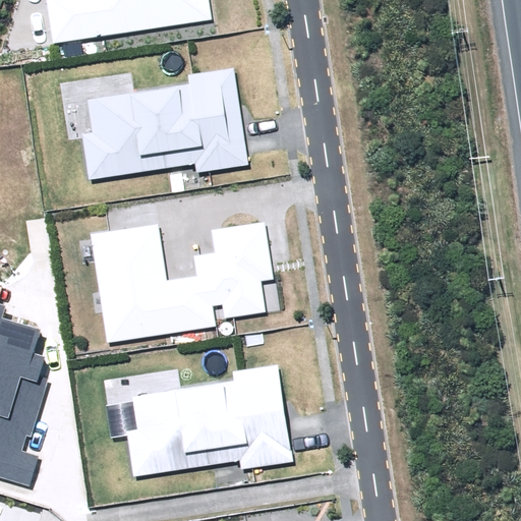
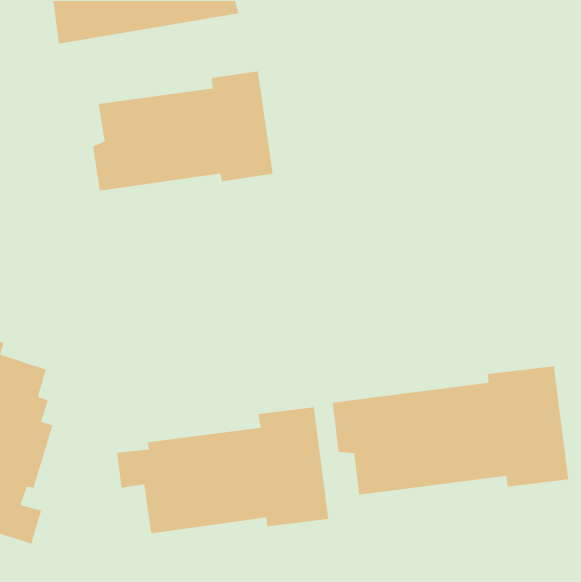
building: [93,223,272,342] -> none
building: none -> [332,365,569,495]

